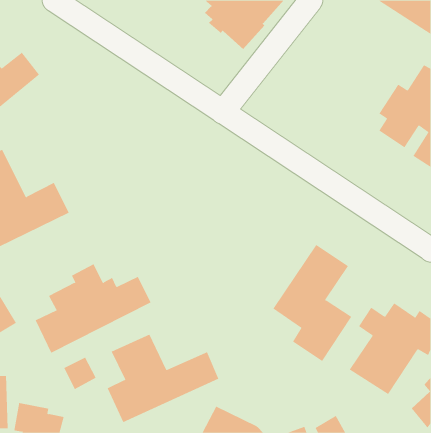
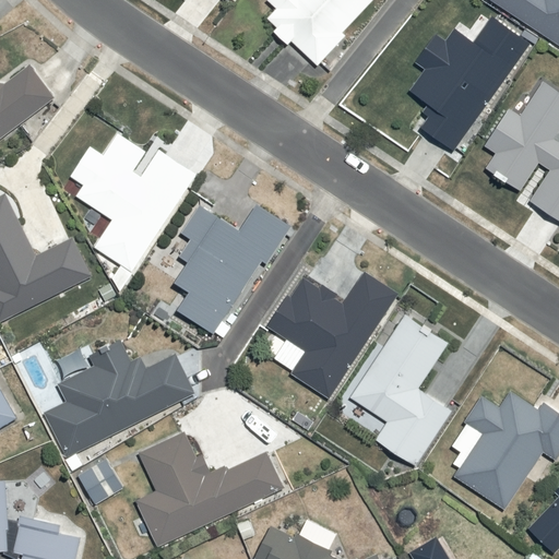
building: none -> [407,16,532,148]
building: none -> [69,130,194,270]
building: none -> [179,205,289,338]
building: none -> [261,271,394,400]

